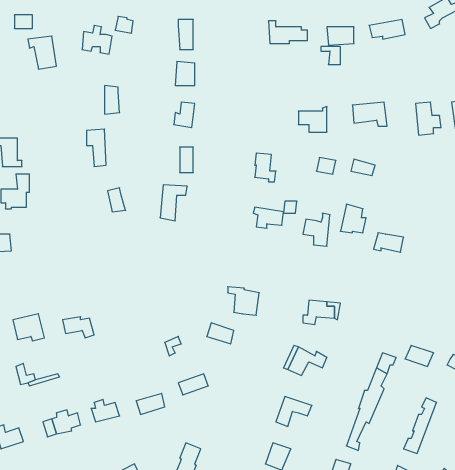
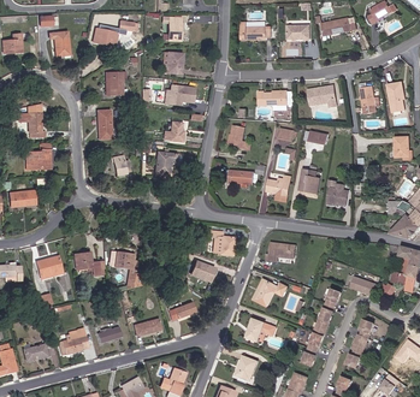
building: none -> [113,248,144,284]

